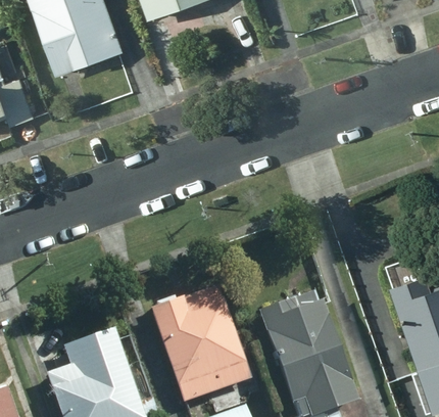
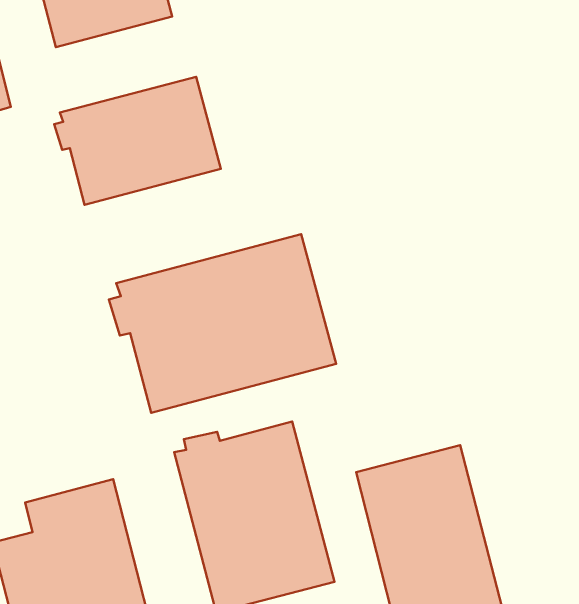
building: none -> [54,77,221,205]
building: none -> [109,234,336,413]

